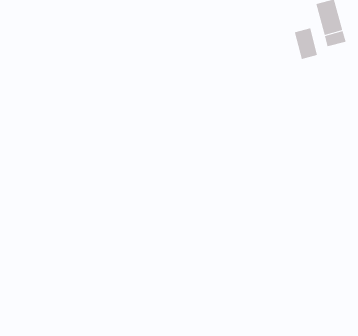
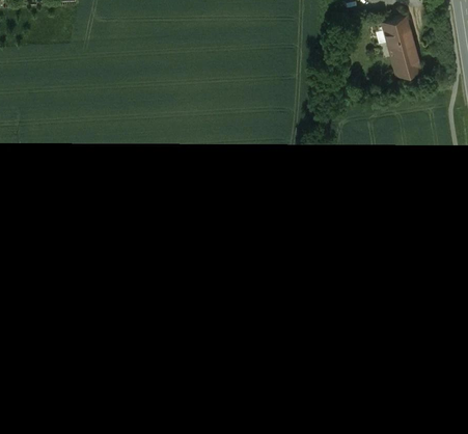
building: [294,28,318,60] -> none

